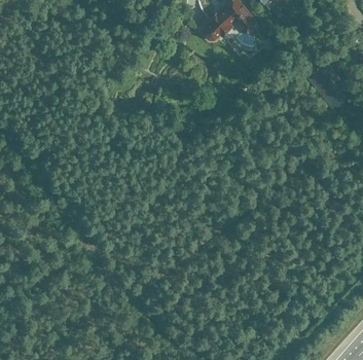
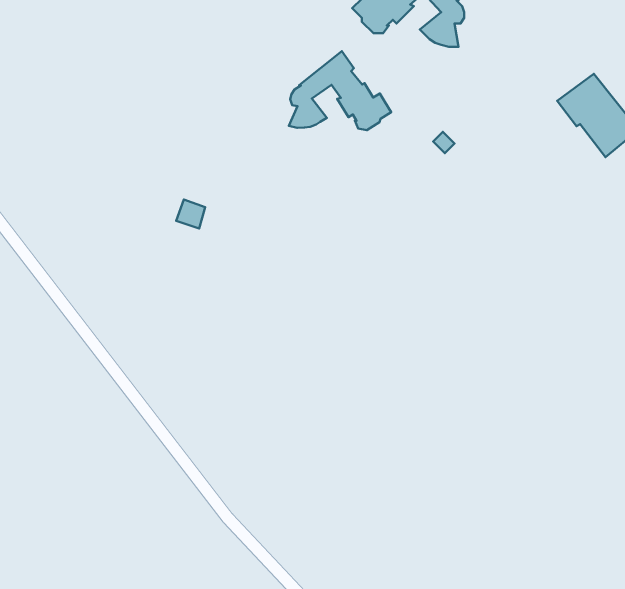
building: none -> [289,51,391,130]

